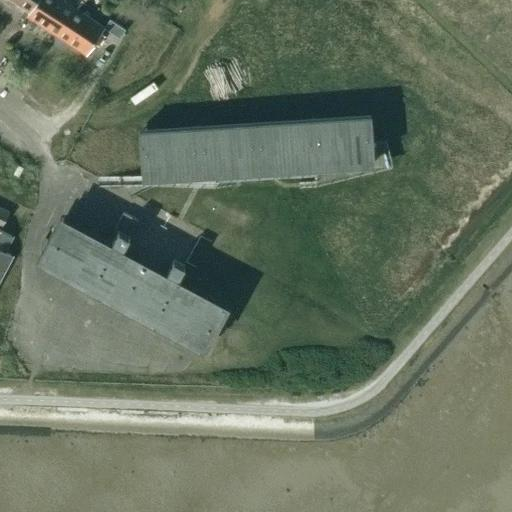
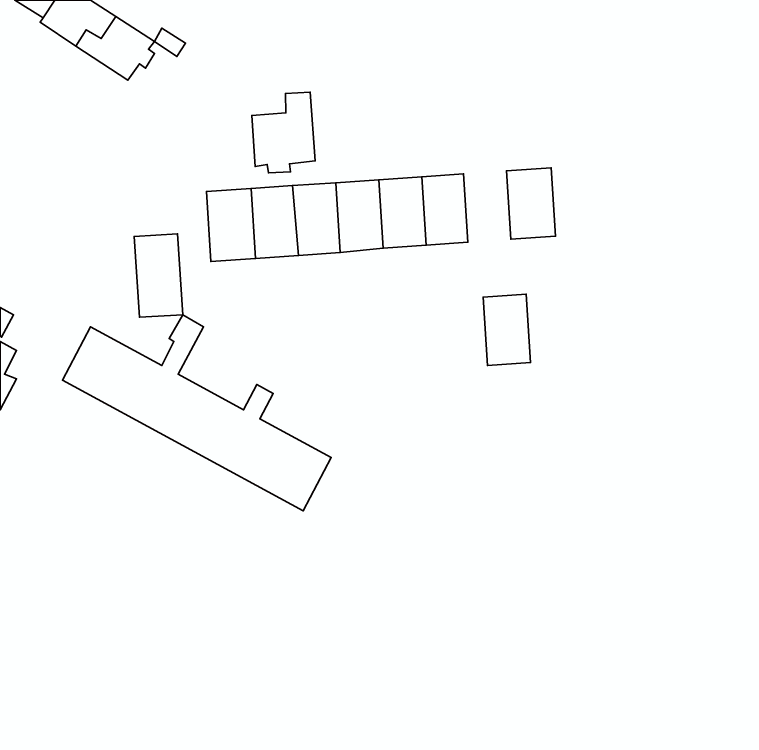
building: none -> [252,92,315,173]
building: [312,121,344,169] -> [483,294,531,366]
building: none -> [134,234,183,317]

